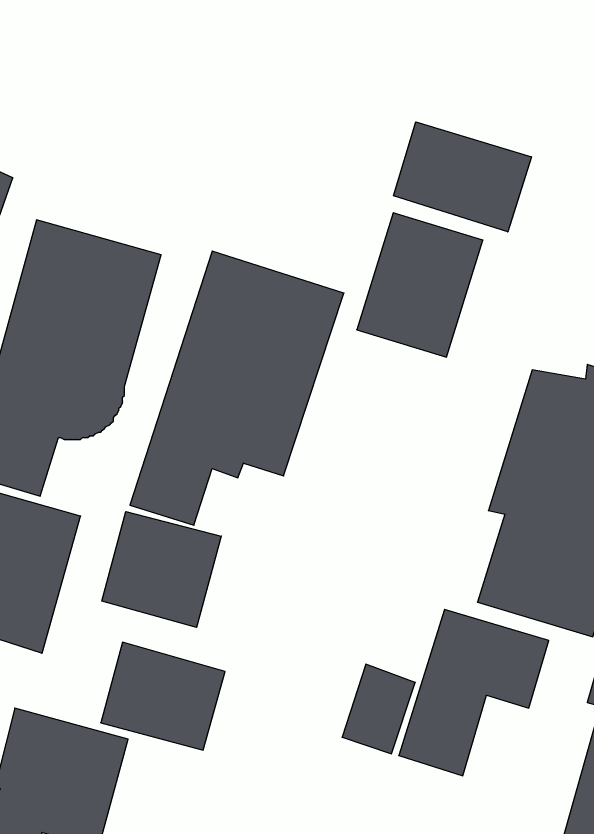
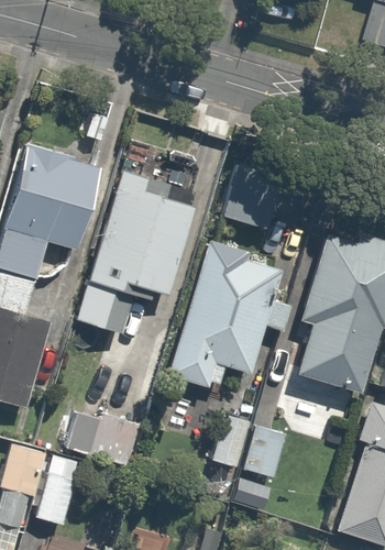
building: [393,122,531,232] -> none
building: none -> [165,237,295,392]
building: [102,512,221,627] -> none

